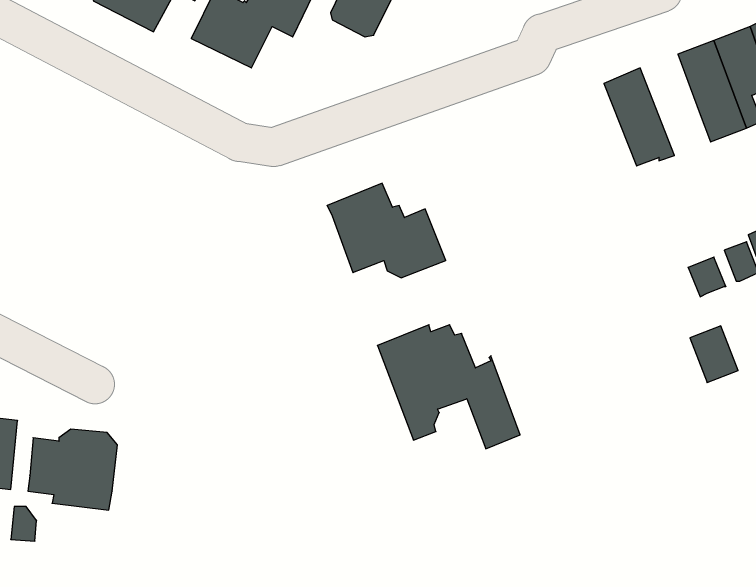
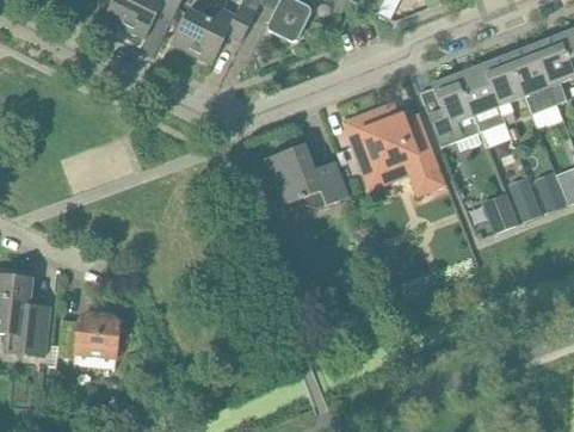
building: none -> [482,53,524,123]
building: none -> [428,73,480,146]
building: [377,325,520,449] -> [344,107,443,193]
building: [690,326,738,383] -> [482,196,516,235]

